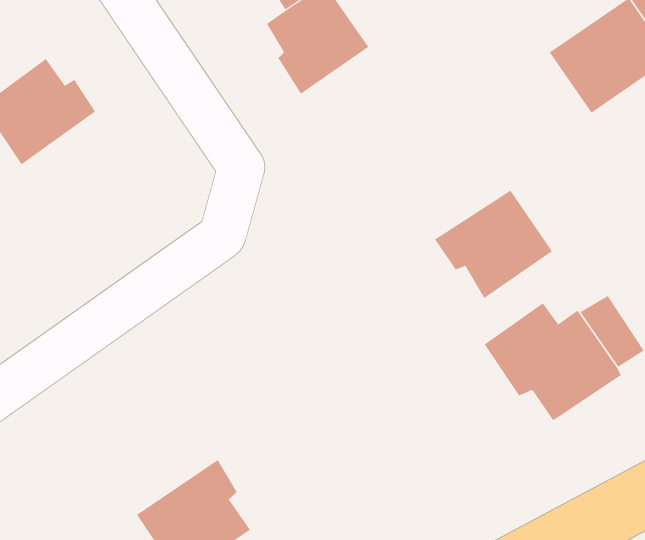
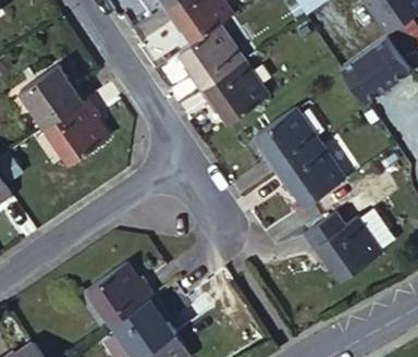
building: none -> [201,62,266,122]
building: none -> [42,99,106,165]
building: none -> [257,104,321,172]
building: none -> [84,266,155,329]

